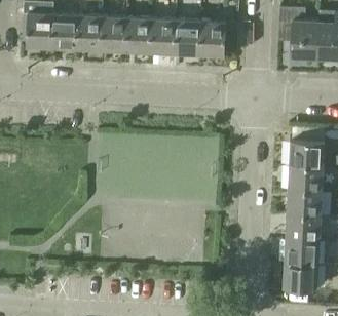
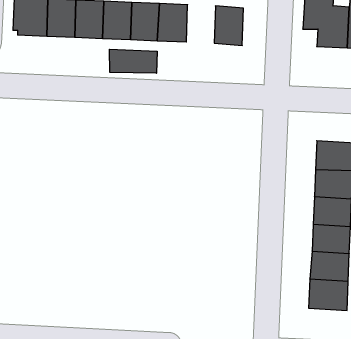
building: [175,19,200,53] -> none
building: none -> [109,49,157,73]

